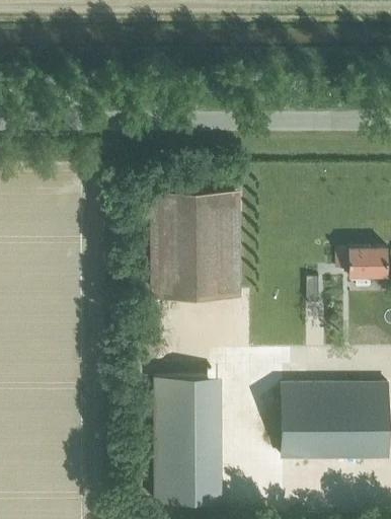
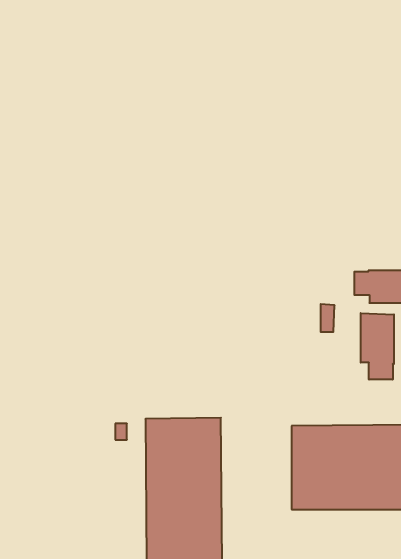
building: [153,194,237,293] -> none
building: none -> [361,313,394,380]

